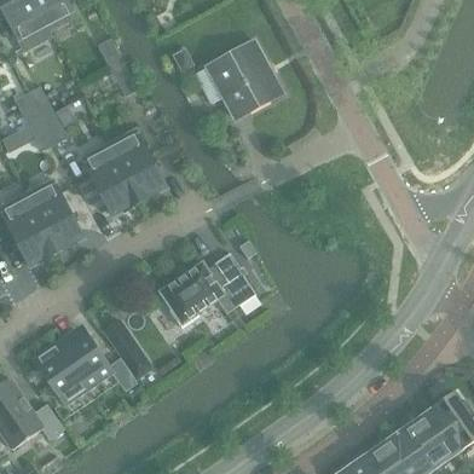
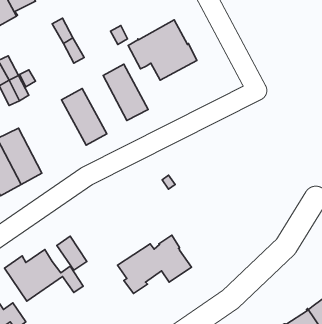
building: [82,143,140,215] -> [103,64,148,121]
building: [160,252,255,326] -> [117,235,192,294]

